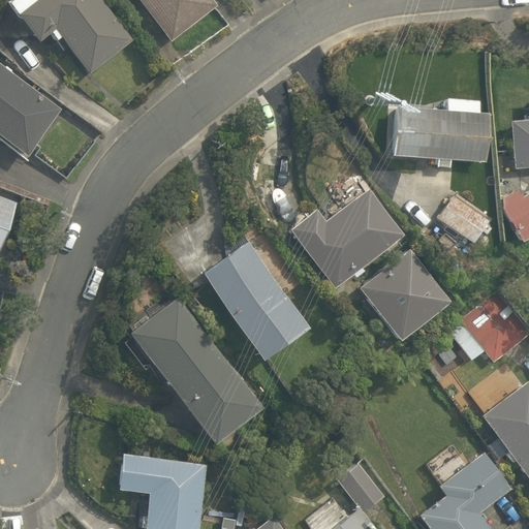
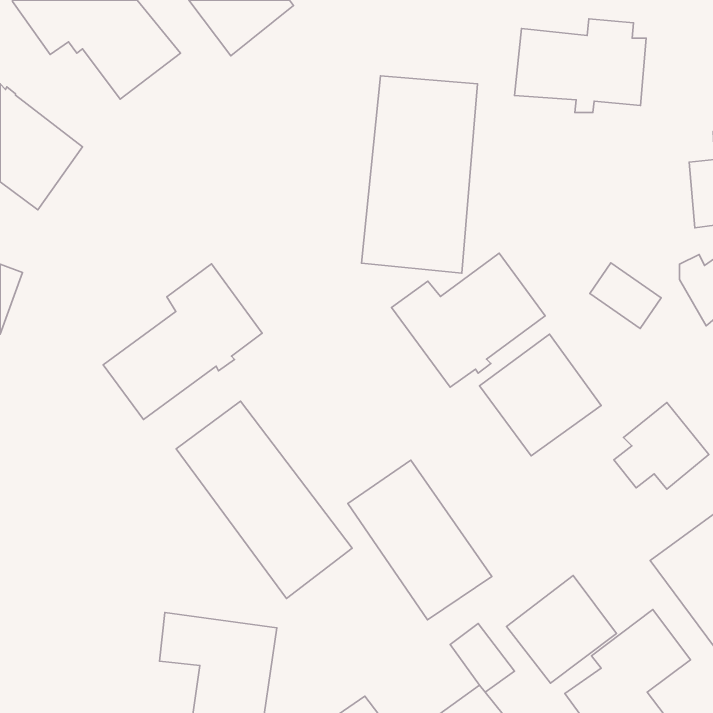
building: none -> [361,76,477,273]
building: [393,98,490,167] -> [515,19,646,112]
building: none -> [103,264,262,419]
building: [203,241,309,359] -> [348,460,492,620]
building: none -> [507,576,616,683]

